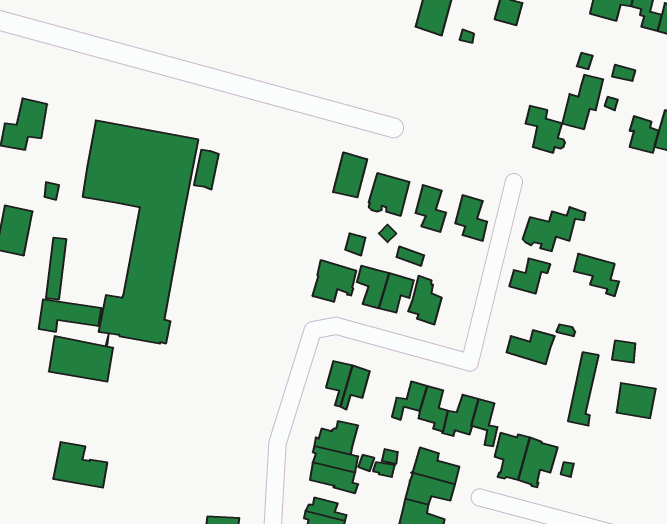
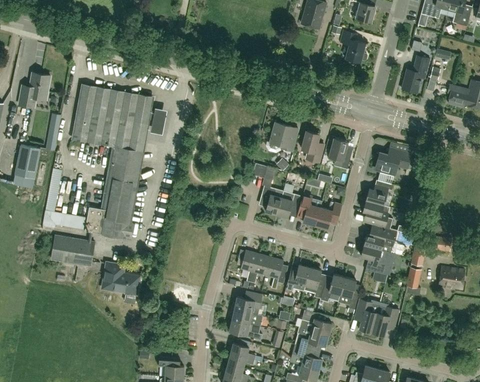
building: [525,106,565,153] -> [340,31,367,63]
building: [333,152,367,197] -> none
building: [574,254,619,296] -> [362,200,393,229]
building: [313,260,356,302] -> none
building: none -> [314,202,341,229]
building: none -> [360,245,392,275]
building: none -> [265,258,288,289]
building: [53,442,107,488] -> [102,263,139,294]

